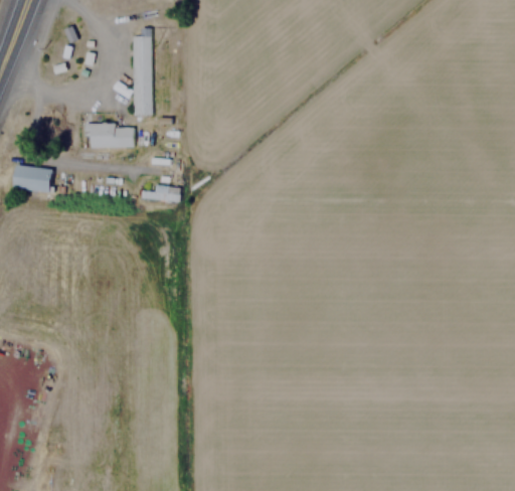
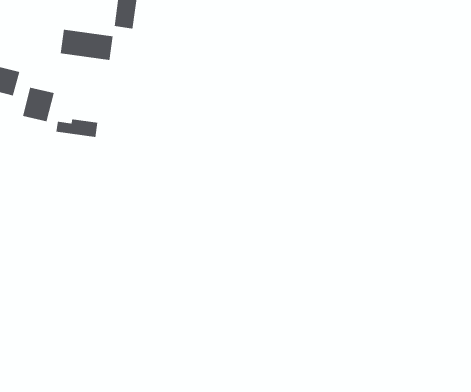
building: none -> [22,87,54,122]
building: [142,186,180,200] -> [56,119,98,138]

